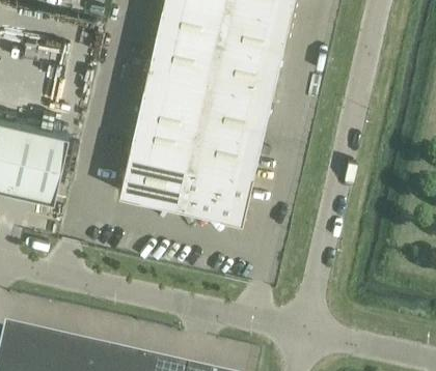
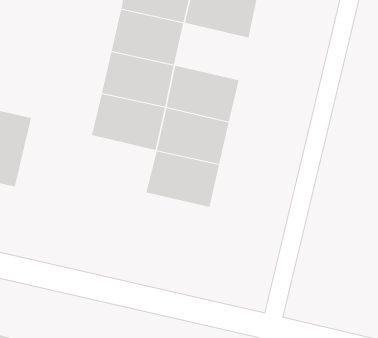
building: [209,39,280,94] -> none
building: [119,147,191,202] -> none

